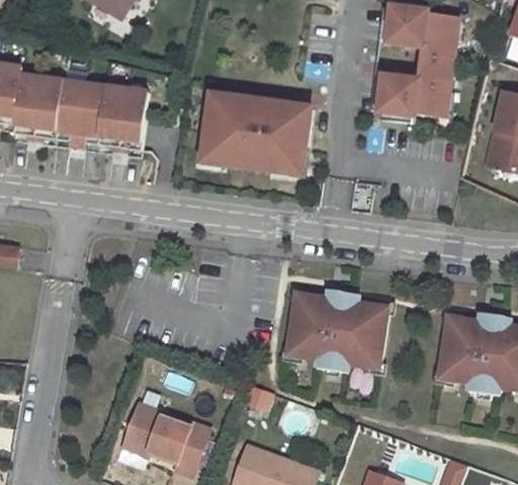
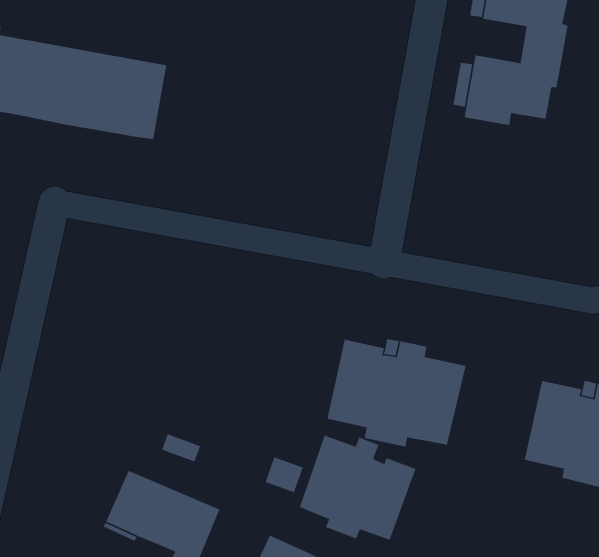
building: [207,96,315,171] -> none
building: none -> [299,435,417,541]

